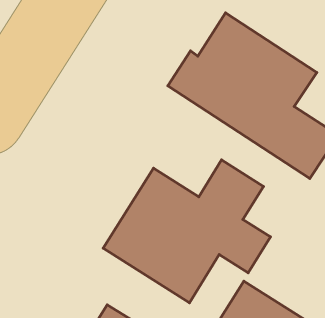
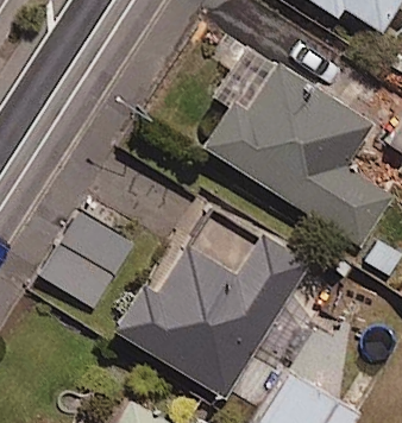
building: none -> [44,216,132,309]

